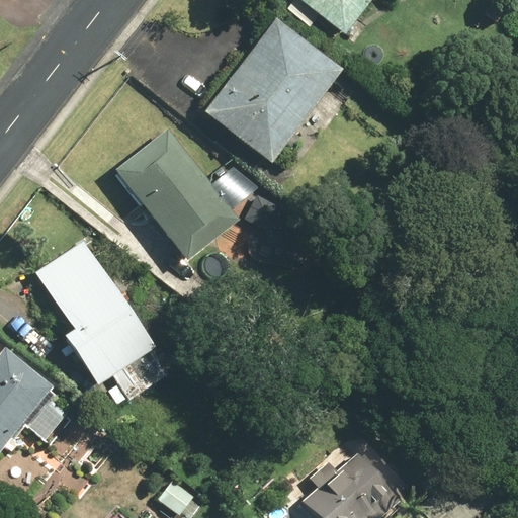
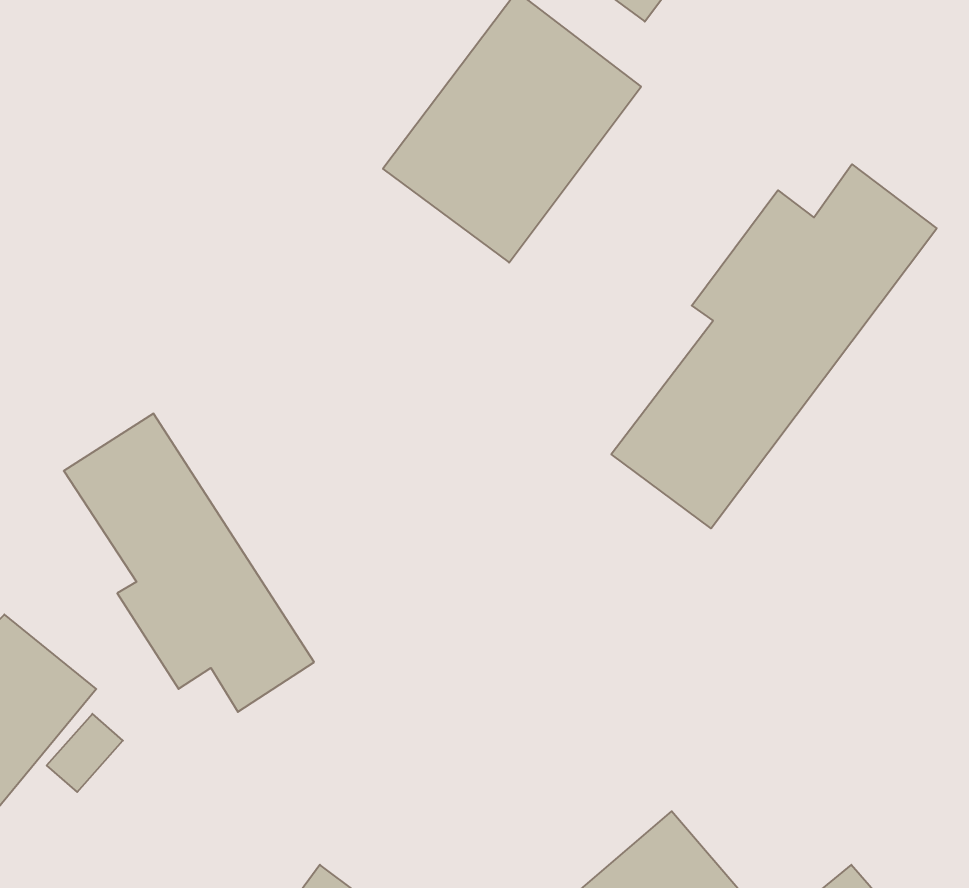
building: none -> [611,164,937,528]
building: [114,130,263,260] -> none

